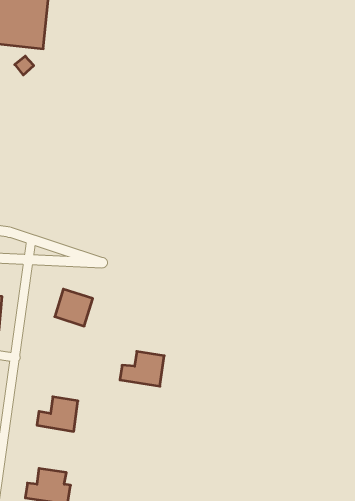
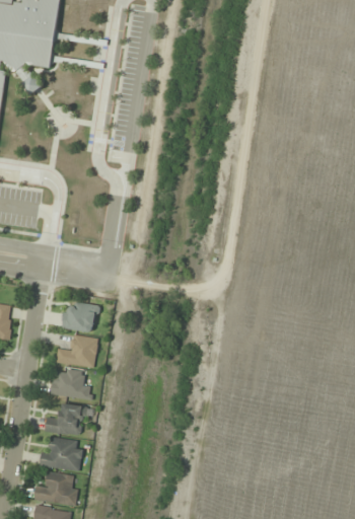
building: [120,351,164,386] -> [55,335,97,368]
building: none -> [51,368,90,399]
building: none -> [39,438,80,469]

